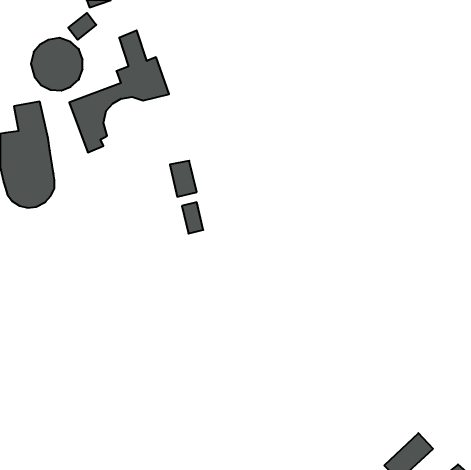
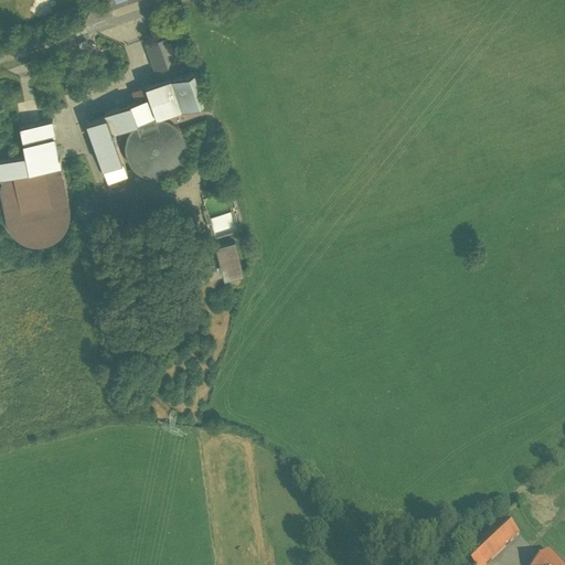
building: [68,13,96,40] -> none
building: [31,38,83,91] -> [125,118,186,181]

